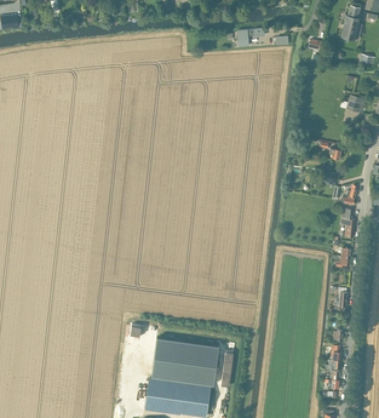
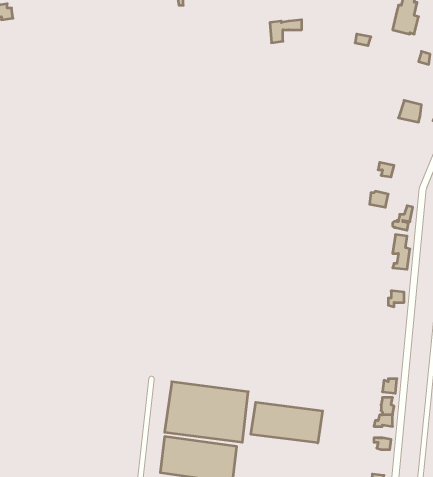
building: none -> [251,402,323,443]

